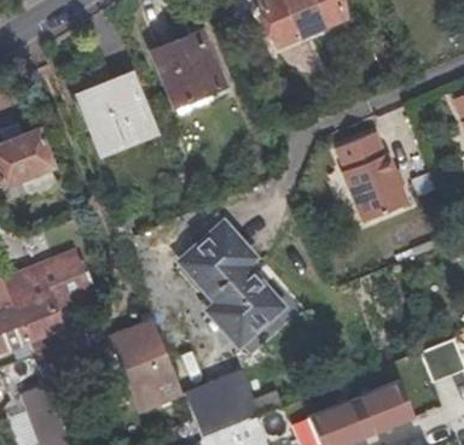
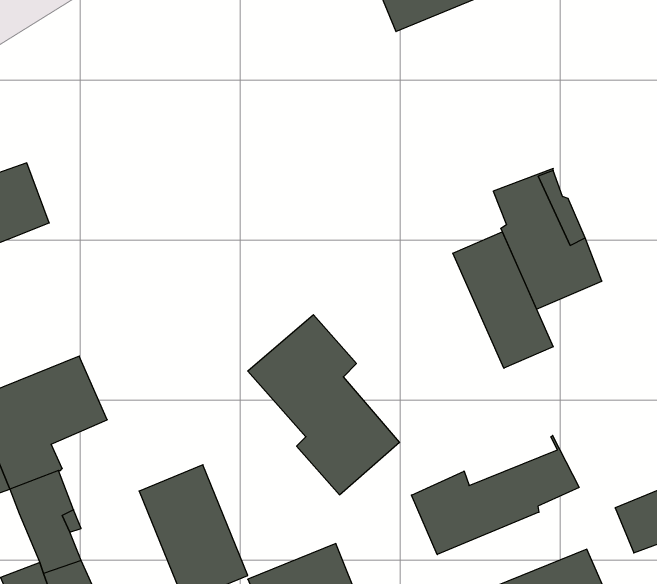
building: [151,30,224,105] -> none
building: [81,74,155,156] -> none
building: none -> [453,232,553,368]
building: none -> [411,435,579,555]

